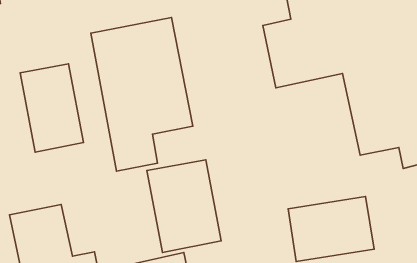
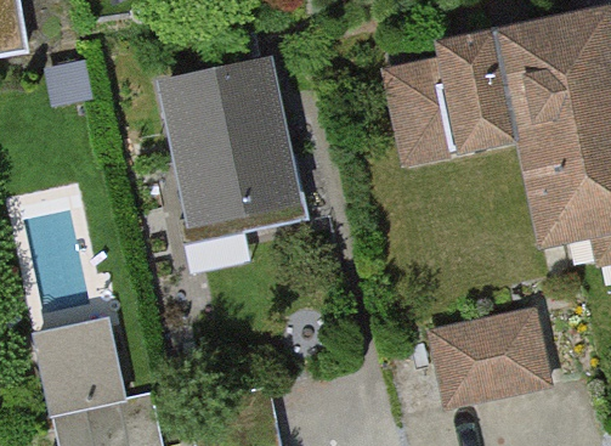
building: [20,64,83,152] -> none
building: [147,160,221,252] -> none

